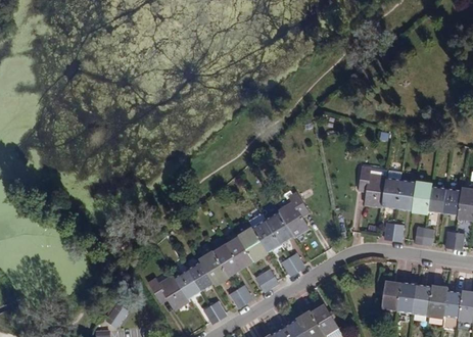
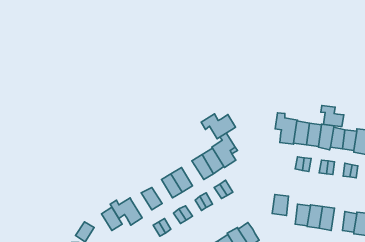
building: none -> [321,105,344,127]
building: none -> [201,114,235,139]
building: [237,225,267,259] -> none
building: [199,249,228,283] -> none
building: [174,268,200,297] -> [101,207,122,231]
building: none -> [272,195,288,216]
building: [428,286,447,319] -> none

